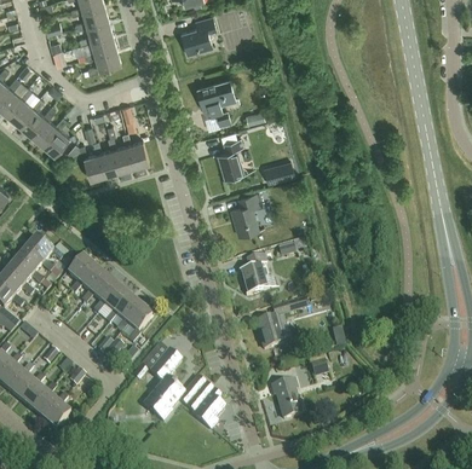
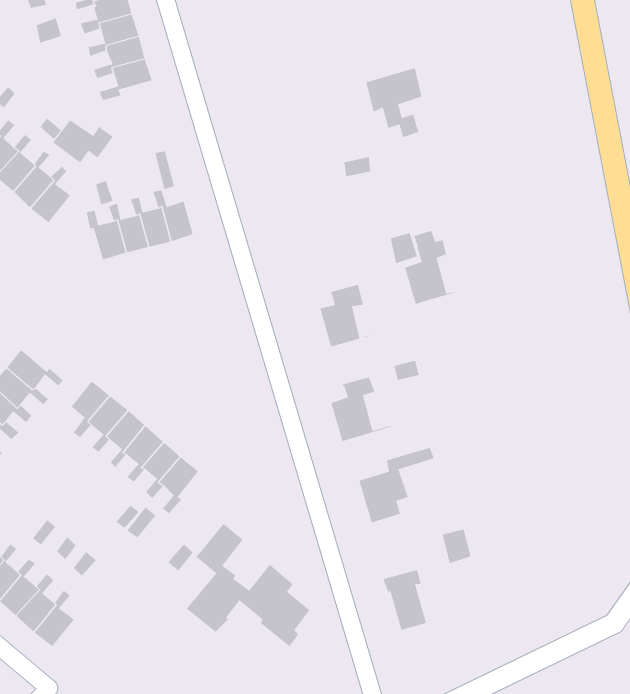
building: [180,18,215,56] -> none
building: [196,80,234,126] -> [366,67,423,138]
building: none -> [53,112,113,163]
building: [214,132,254,180] -> [404,230,465,304]

